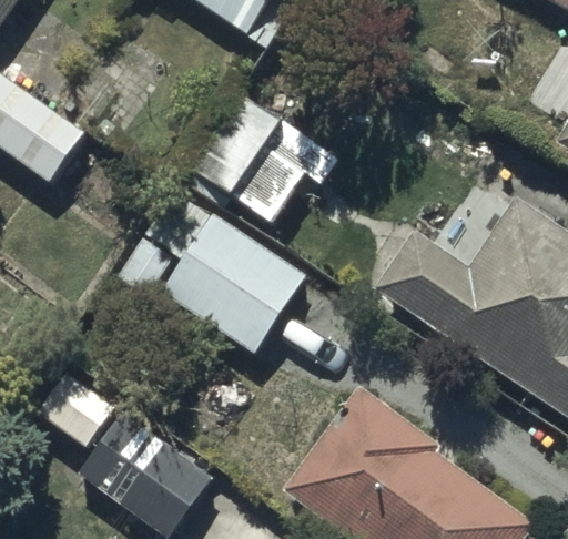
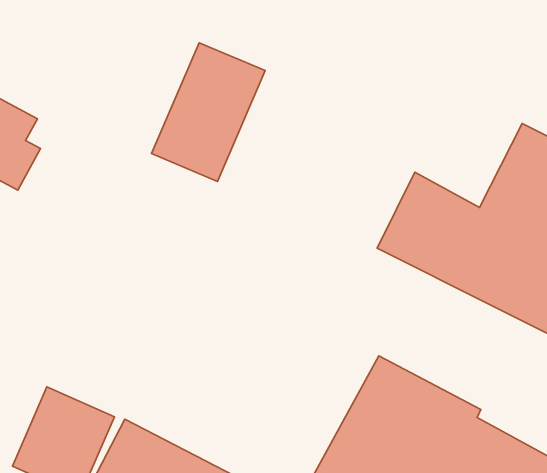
building: [115,191,312,355] -> none

